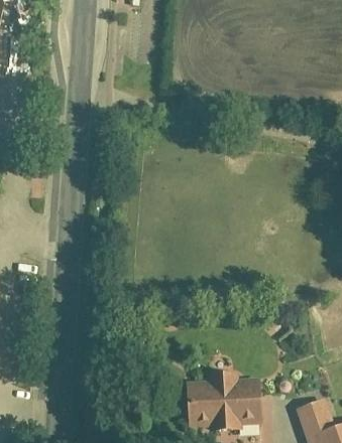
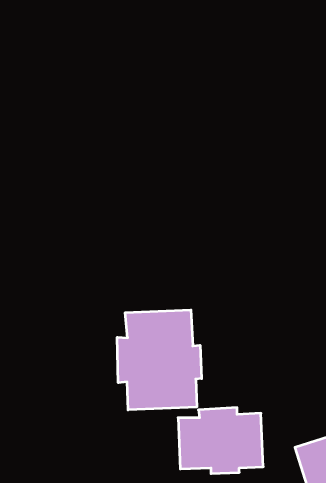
building: none -> [117,310,202,410]

